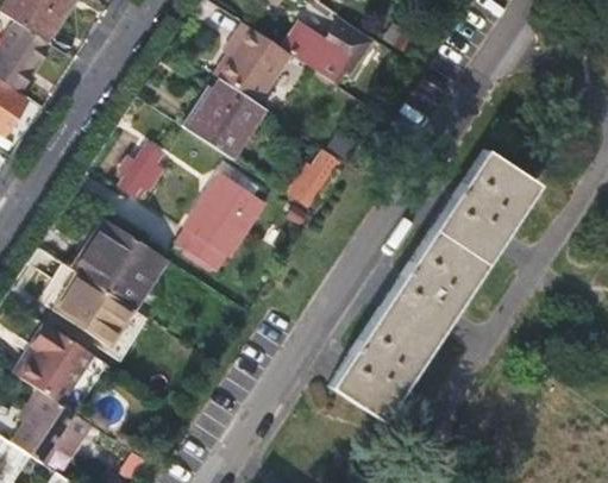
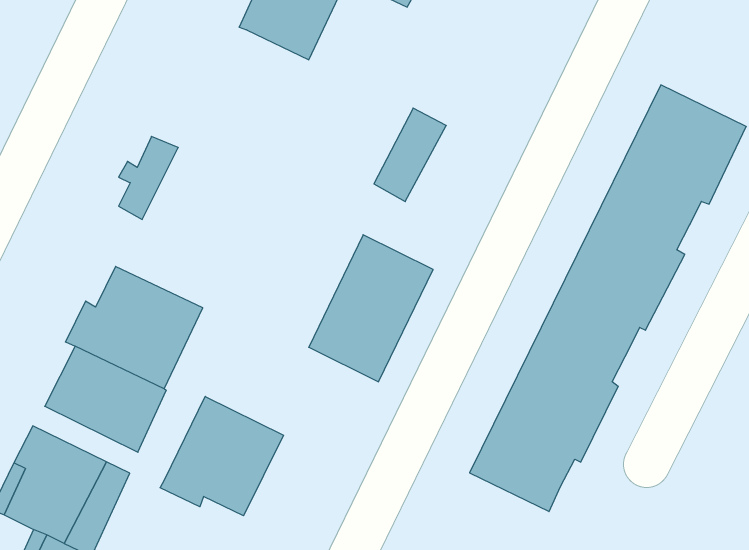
building: [183,79,267,157] -> none
building: [178,172,267,270] -> [309,235,433,382]
building: none -> [160,396,283,516]

